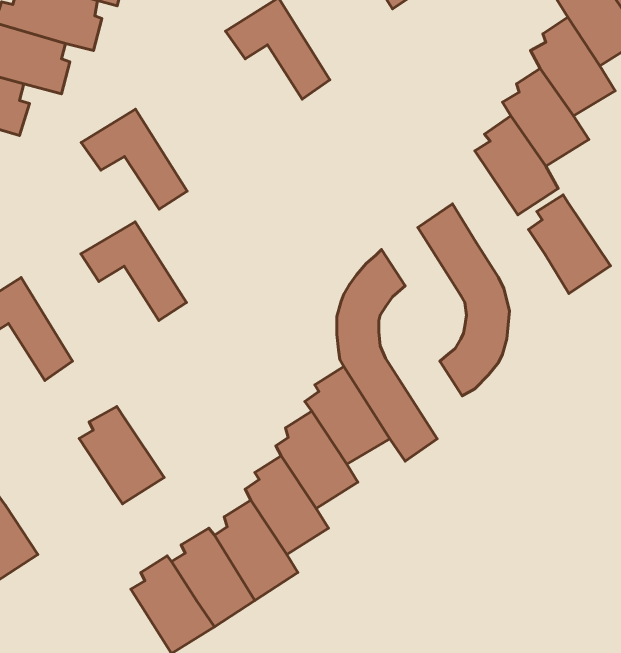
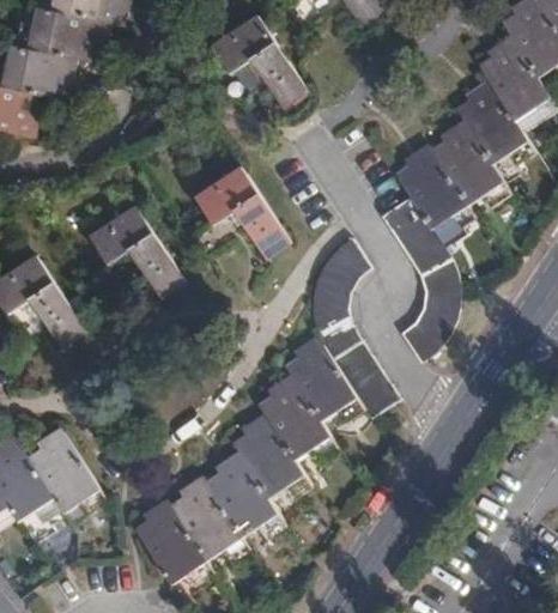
building: [81,109,187,209] -> [198,170,289,256]
building: [528,195,610,294] -> [396,144,467,229]
building: [79,407,164,504] -> [26,427,99,511]

